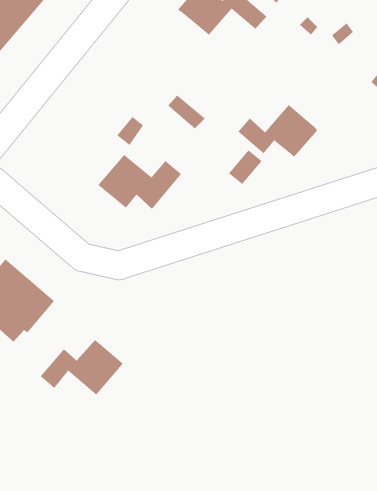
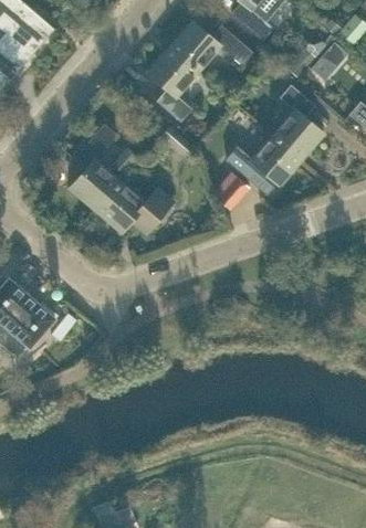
building: none -> [147,47,199,123]
building: none -> [273,85,324,160]
building: none -> [70,136,119,211]
building: [40,339,123,395] -> none

